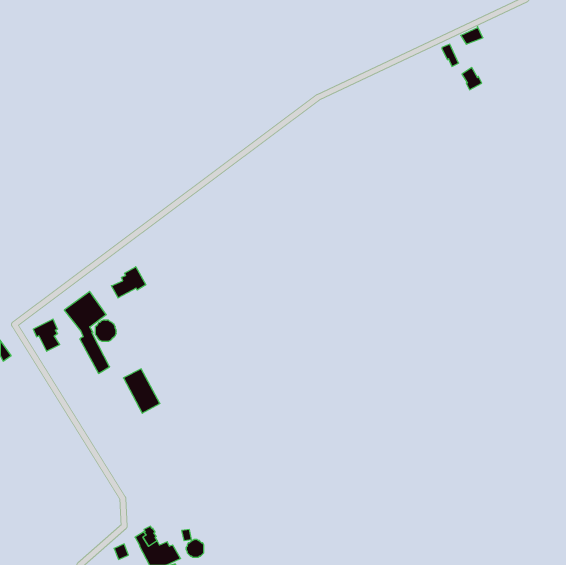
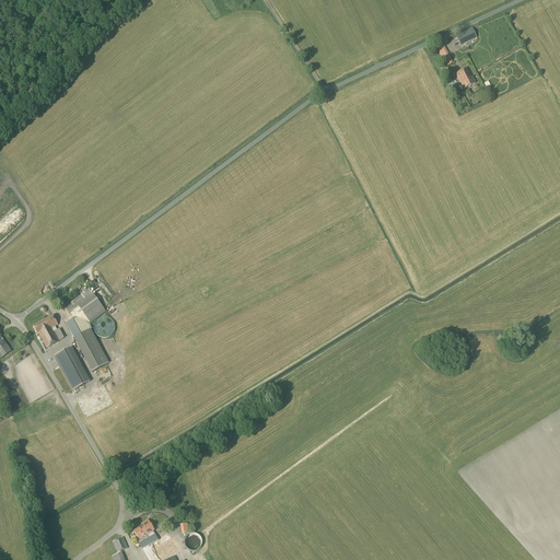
building: [111,267,146,298] -> none
building: [123,369,160,413] -> [54,347,90,390]

